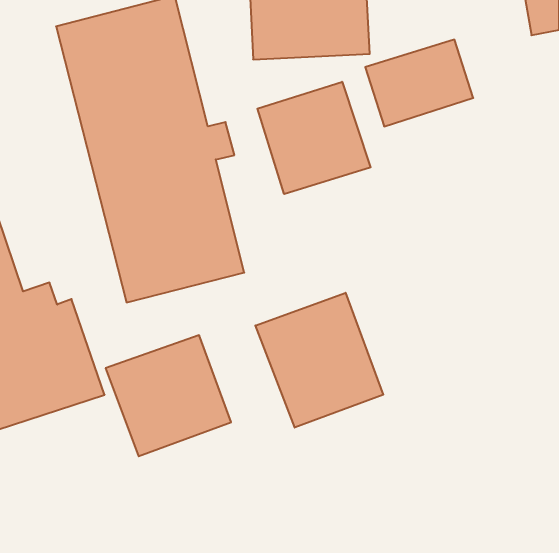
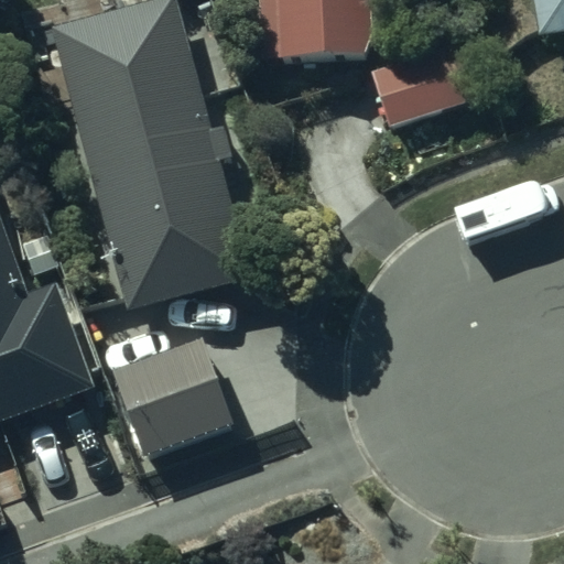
building: [257,82,371,194] -> none
building: [255,293,383,428] -> none

